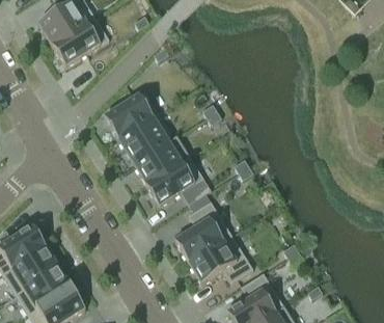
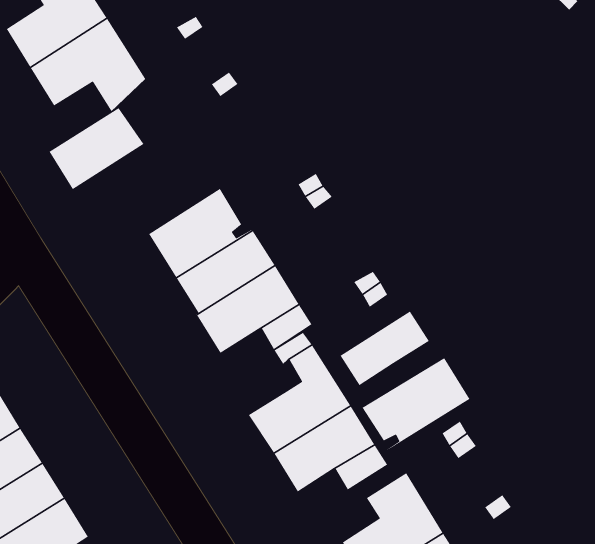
building: [104,91,158,138] -> [49,107,145,190]
building: none -> [339,310,430,386]
building: none -> [361,357,470,454]

